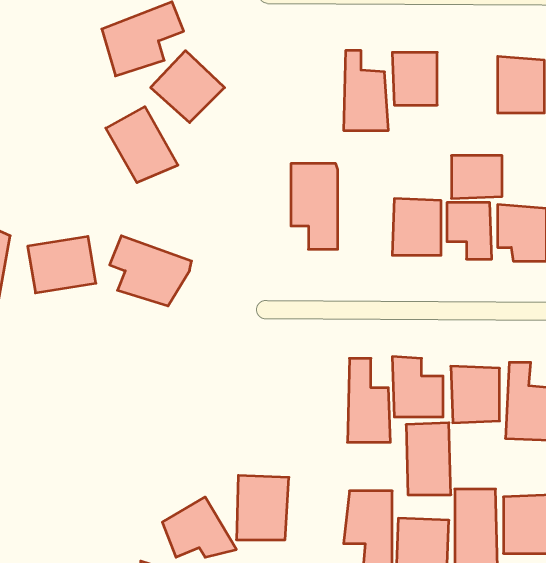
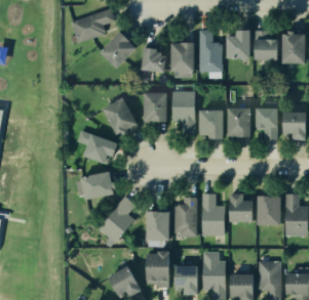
building: none -> [168,42,194,71]
building: none -> [140,45,164,70]
building: [106,107,178,183] -> [101,96,139,136]
building: [451,156,502,198] -> [252,37,278,59]
building: none -> [141,93,166,122]
building: none -> [198,109,224,139]
building: [28,236,96,293] -> [77,170,113,200]
building: none -> [98,197,139,244]
building: none -> [144,210,170,243]
building: [406,423,451,495] -> [175,200,198,238]
building: none -> [172,264,196,293]

